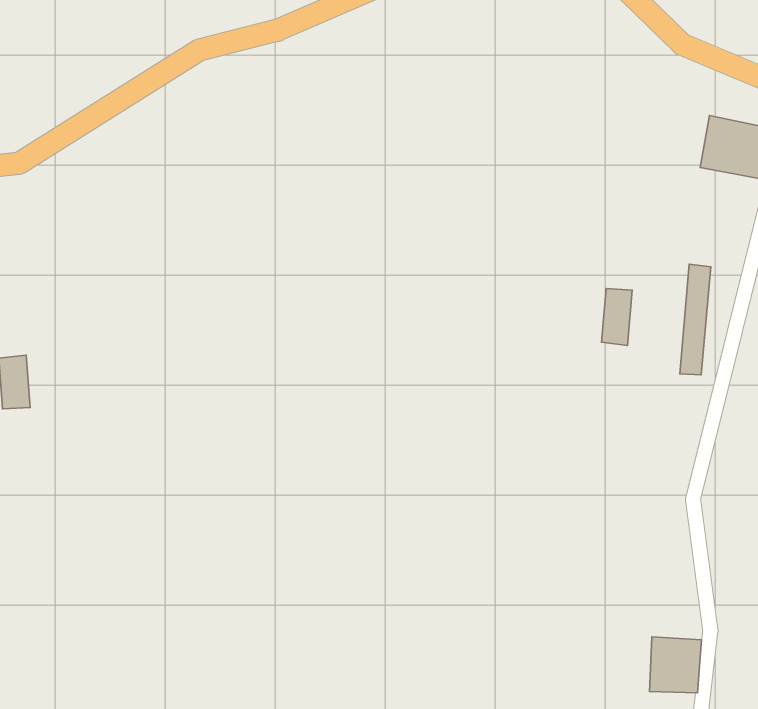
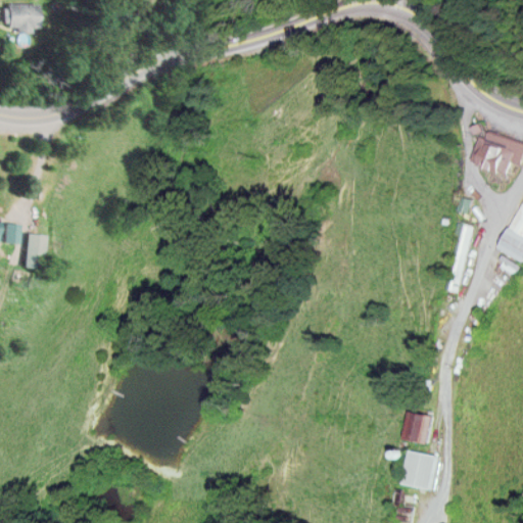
building: [602,289,632,345] -> none
building: none -> [405,412,435,444]

